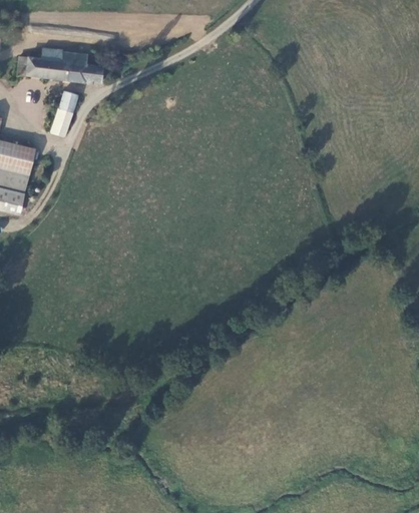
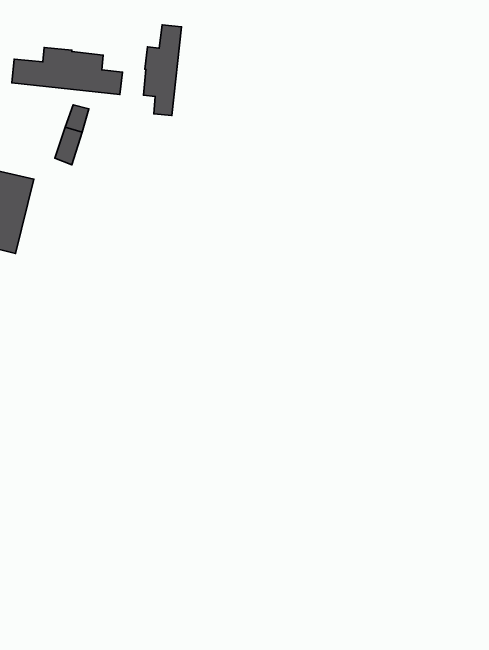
building: none -> [144,25,182,116]

